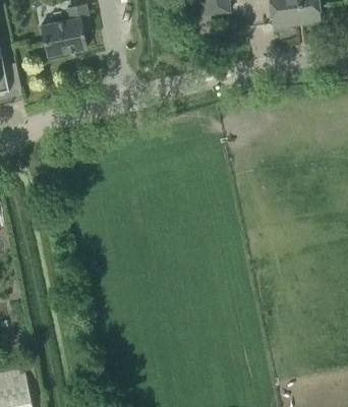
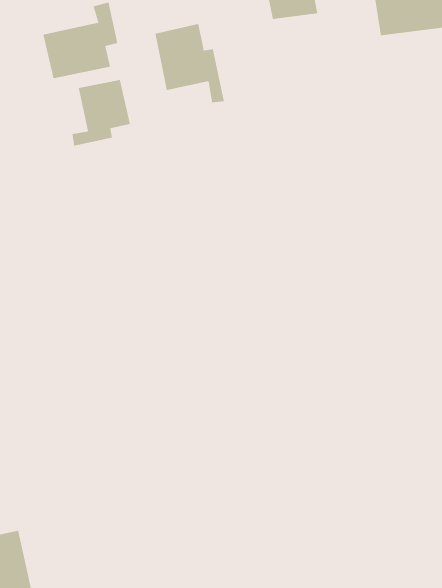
building: none -> [155,23,225,103]
building: none -> [72,79,130,147]

